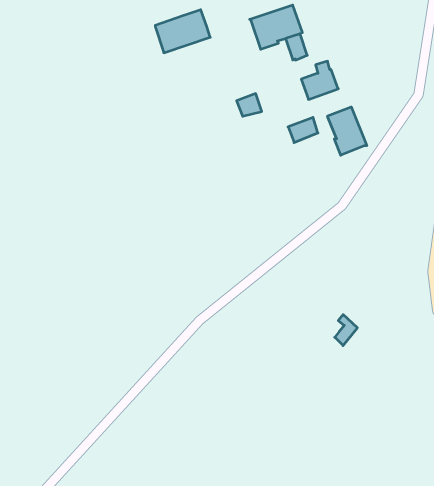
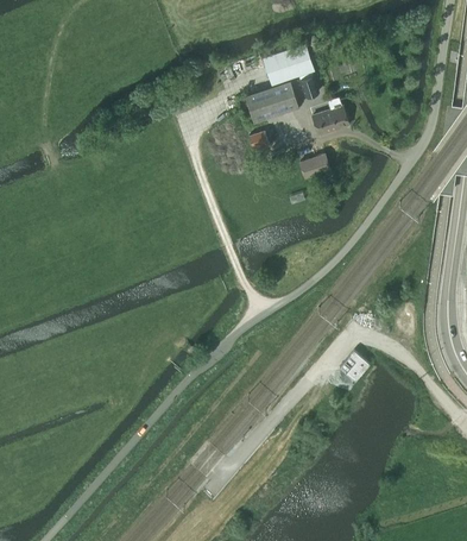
building: [155,10,210,53] -> [245,80,299,122]
building: [328,107,367,155] -> none

